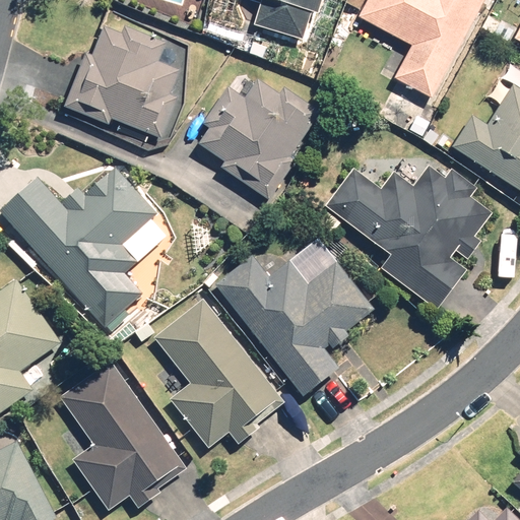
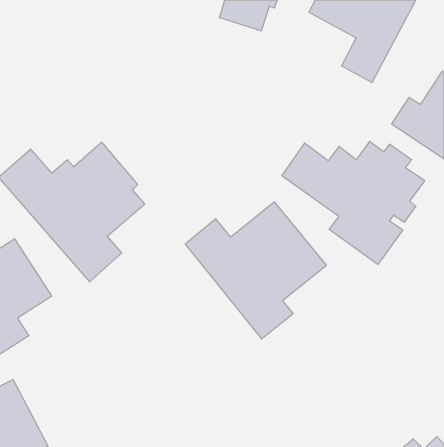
building: [65,27,181,140] -> none
building: [200,79,319,200] -> none
building: [153,298,283,449] -> none
building: [59,361,187,511] -> none

